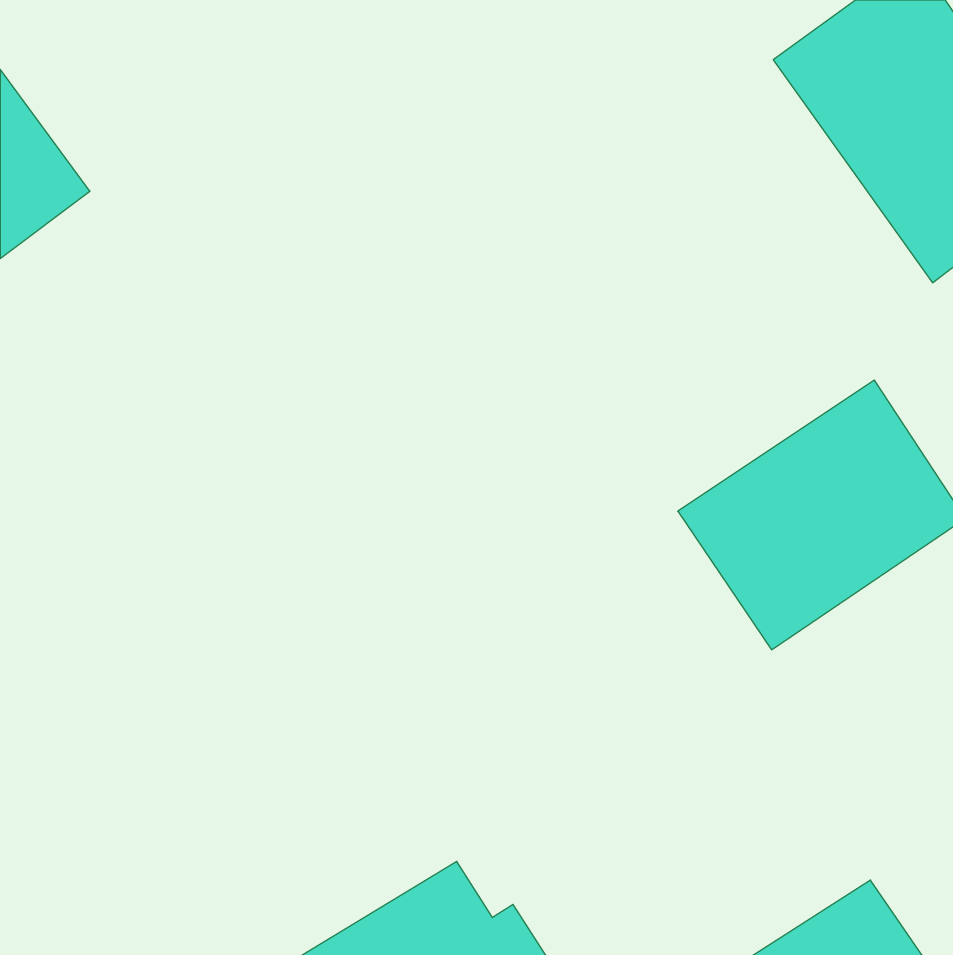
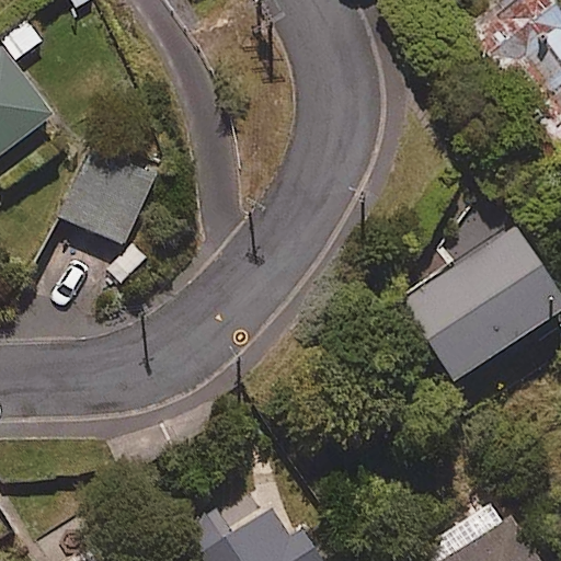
building: none -> [59,149,154,245]

